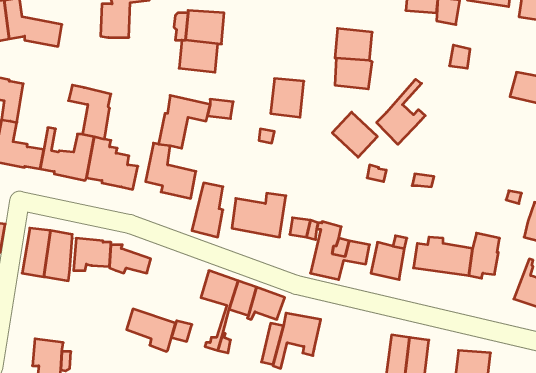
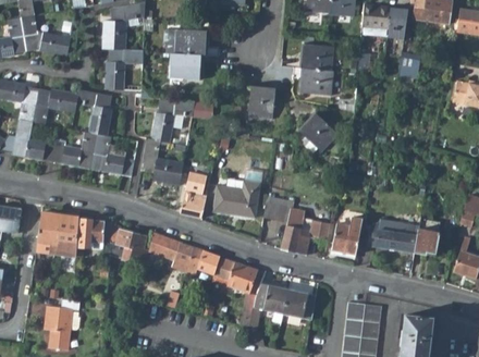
building: none -> [105,50,144,93]
building: [377,79,425,144] -> none
building: none -> [33,89,78,124]
building: [127,309,175,351] -> [153,235,195,271]
building: none -> [284,288,317,319]

